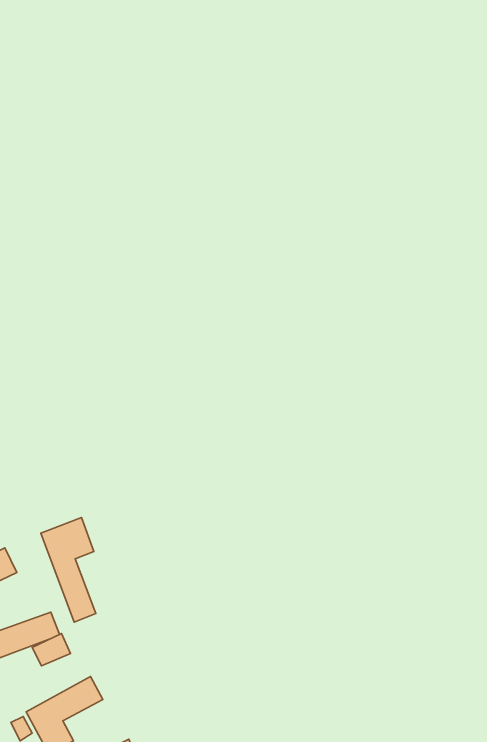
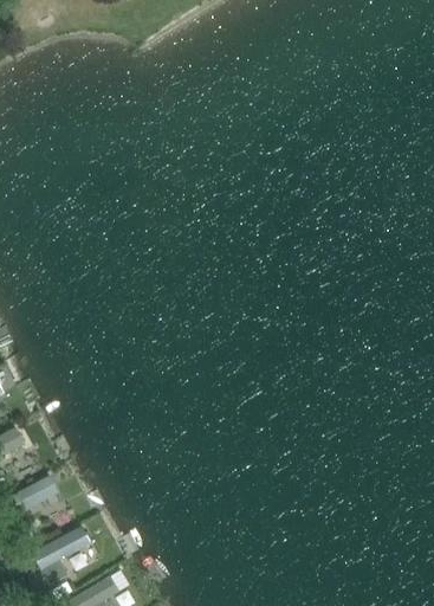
building: [41,517,96,622] -> none

